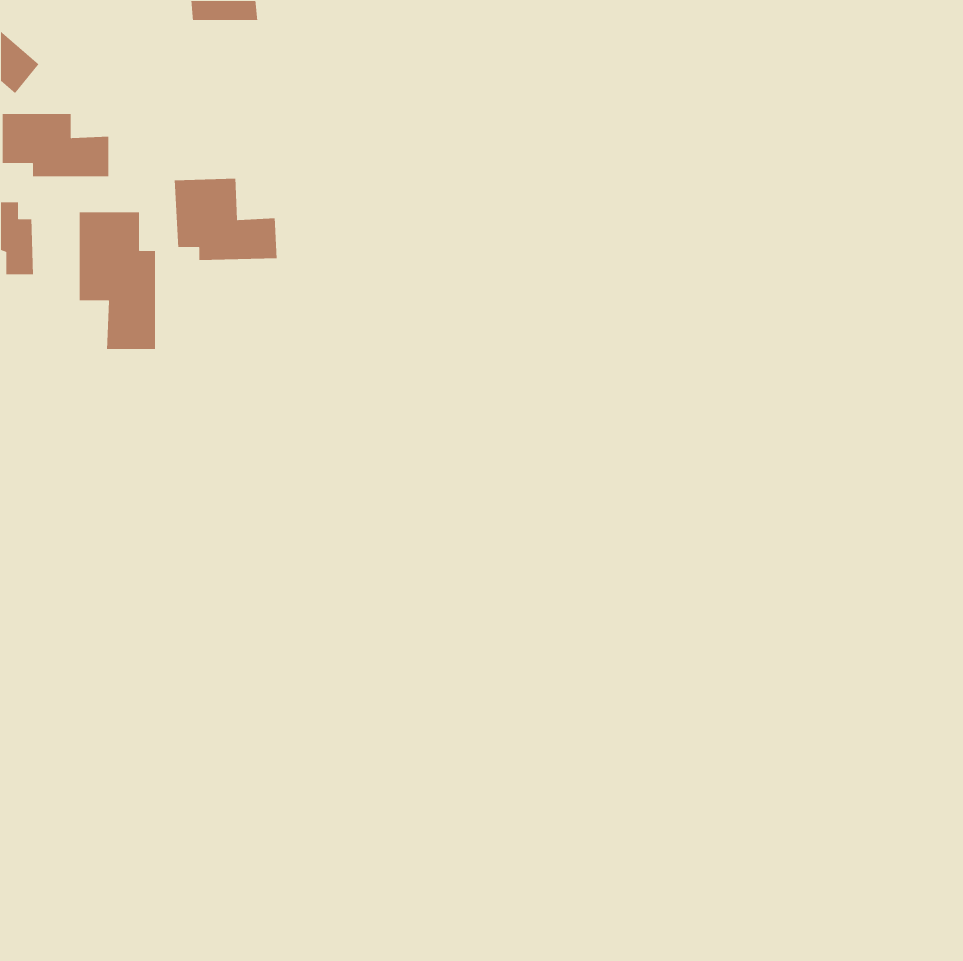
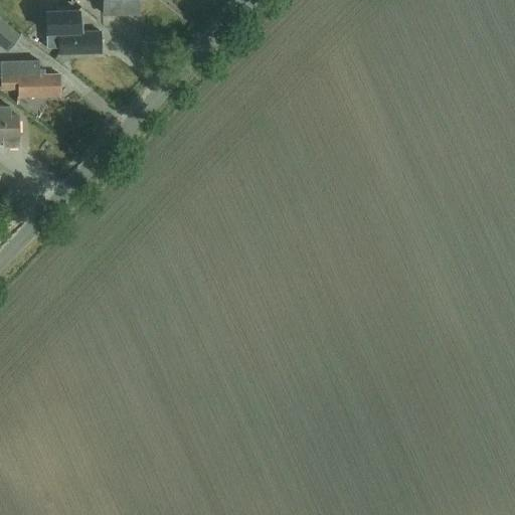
building: [174,178,278,261] -> [45,10,101,54]
building: [79,211,156,350] -> none

